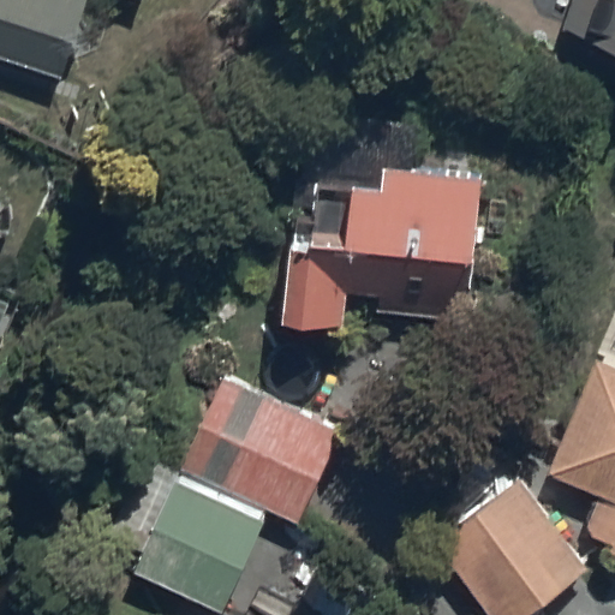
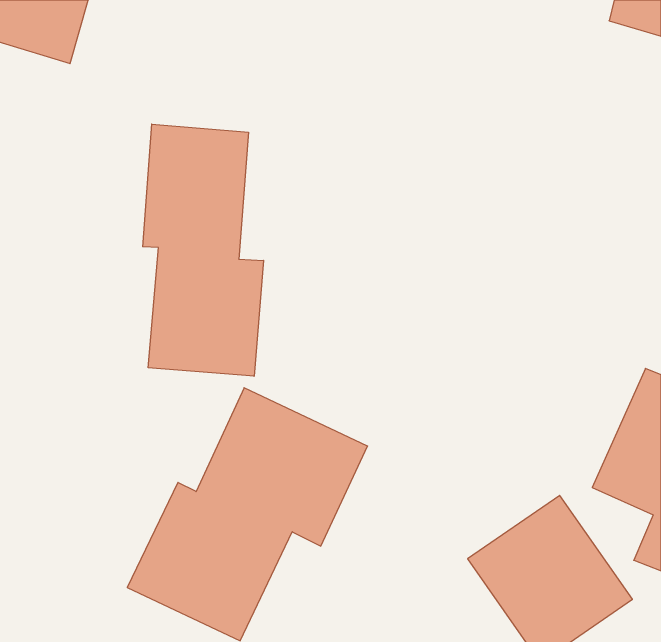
building: none -> [143,124,264,376]
building: [294,171,486,321] -> none

